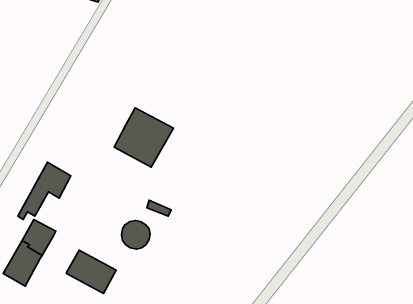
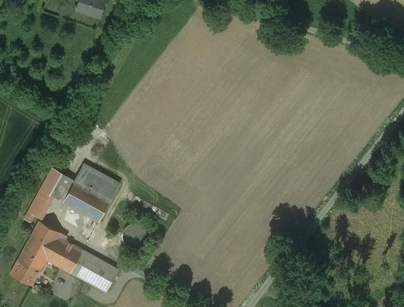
building: [114,108,173,167] -> [63,165,119,221]
building: none -> [45,237,82,272]

